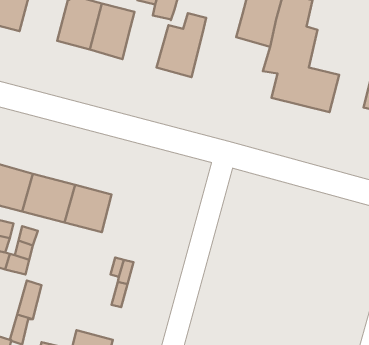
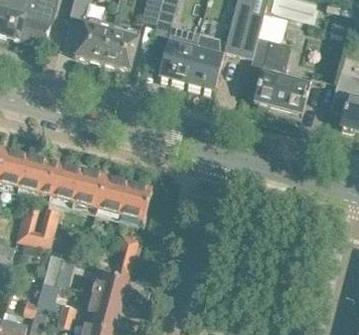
building: none -> [187,34,223,91]
building: none -> [113,181,152,220]
building: none -> [92,272,128,302]

